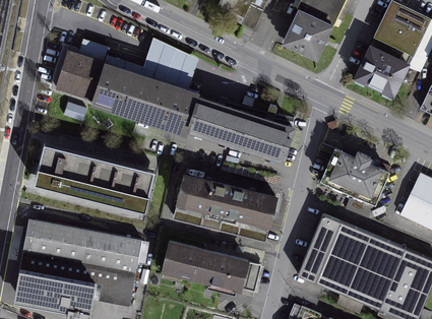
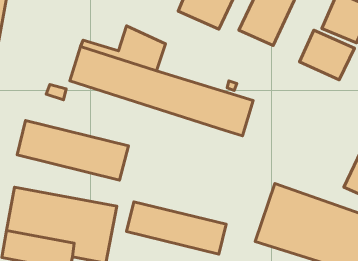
building: [43,44,95,98] -> none
building: [320,148,389,205] -> none
building: [163,173,275,242] -> none

